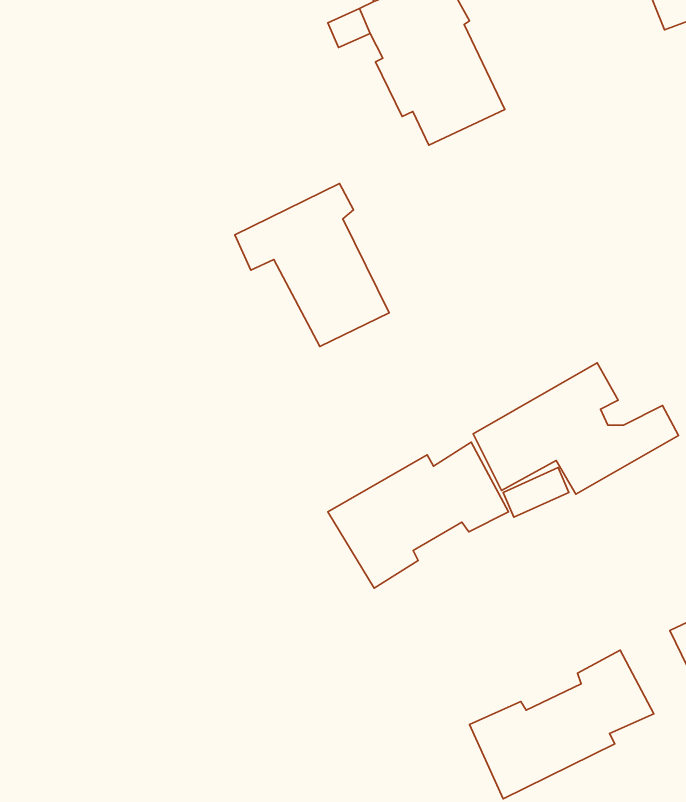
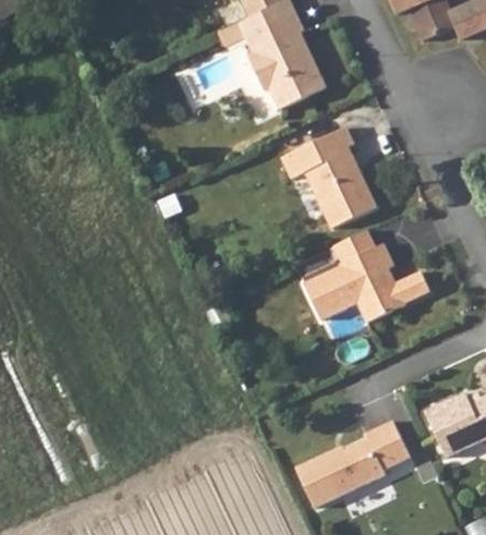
building: [235,183,389,346] -> [279,125,374,226]
building: [328,442,509,588] -> none

